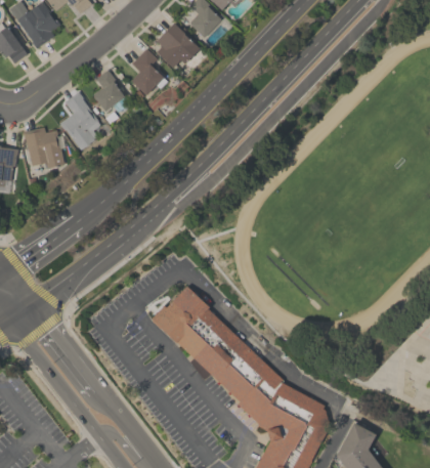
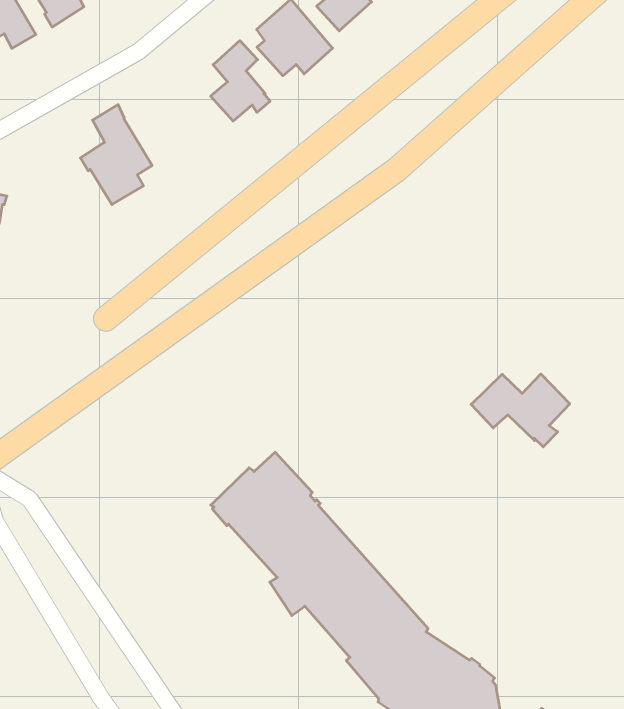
building: [94,71,125,112] -> none
building: [23,127,64,168] -> none
building: none -> [471,374,570,447]

